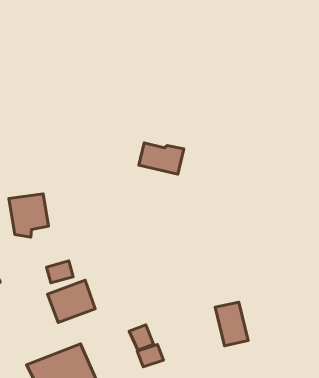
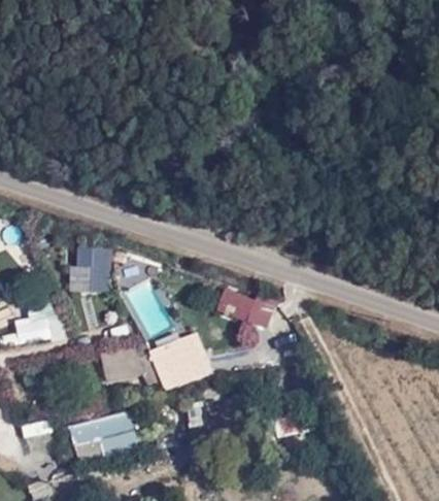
building: [139,143,184,174] -> [221,288,271,326]
building: none -> [147,333,213,391]

